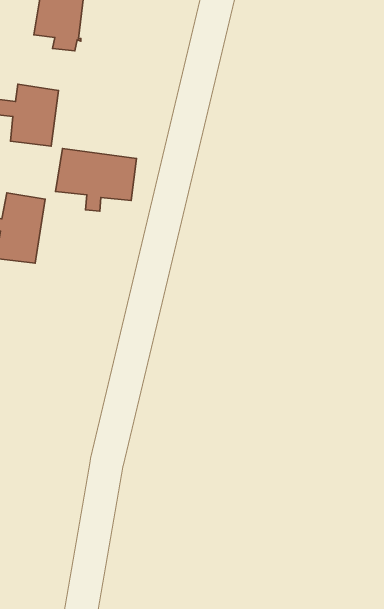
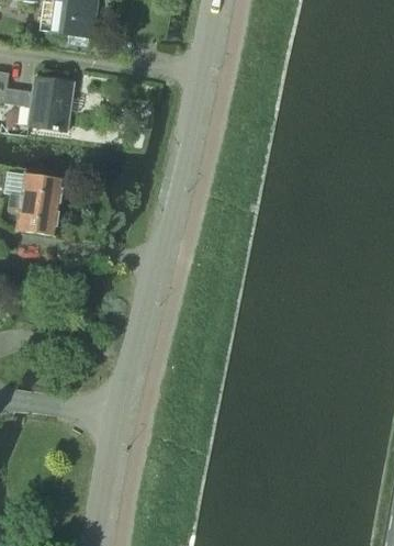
building: [55,149,136,211] -> none

